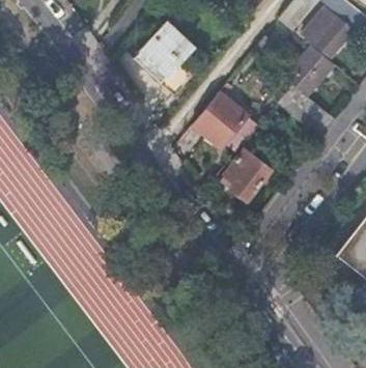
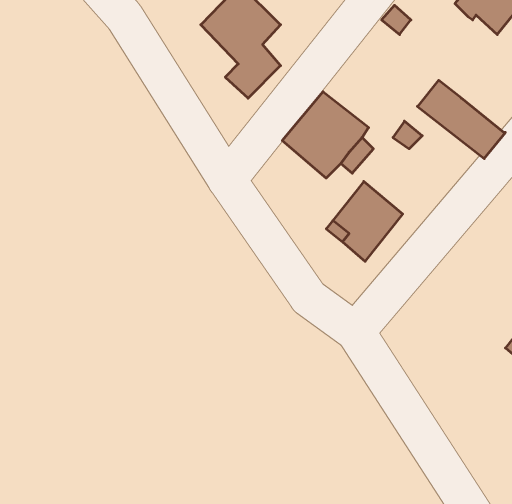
building: [285,43,336,94] -> none

